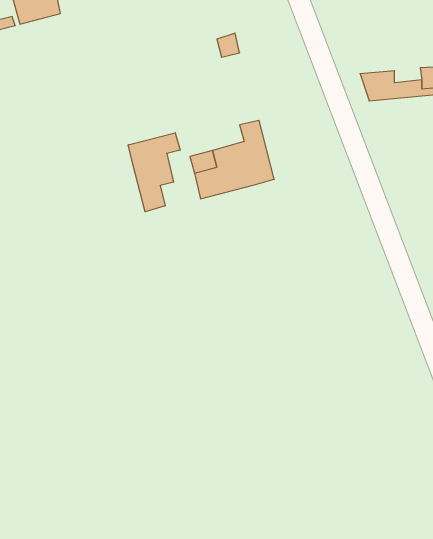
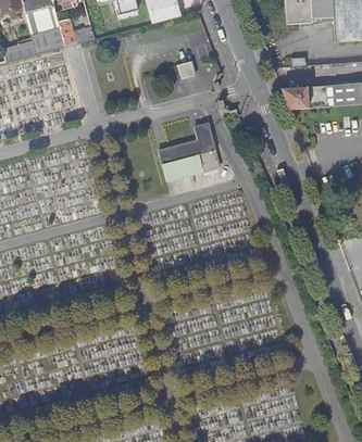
building: [128,133,180,212] -> none

